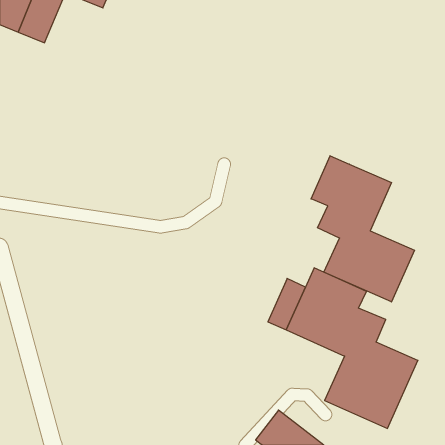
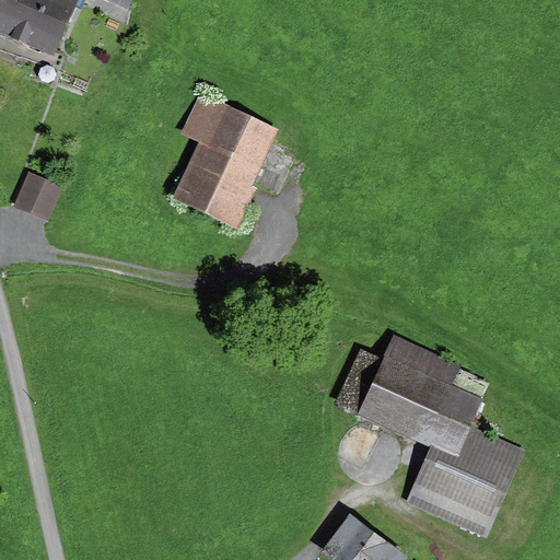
building: none -> [172,92,278,229]
building: none -> [14,172,62,221]
building: [311,156,414,302] -> none

